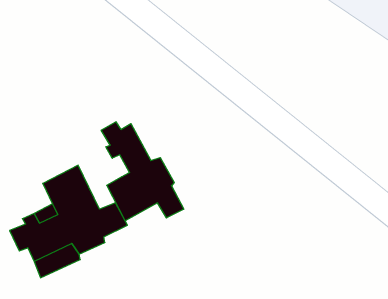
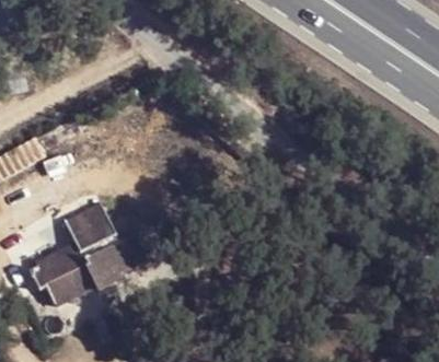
building: [101,122,184,221] -> none

